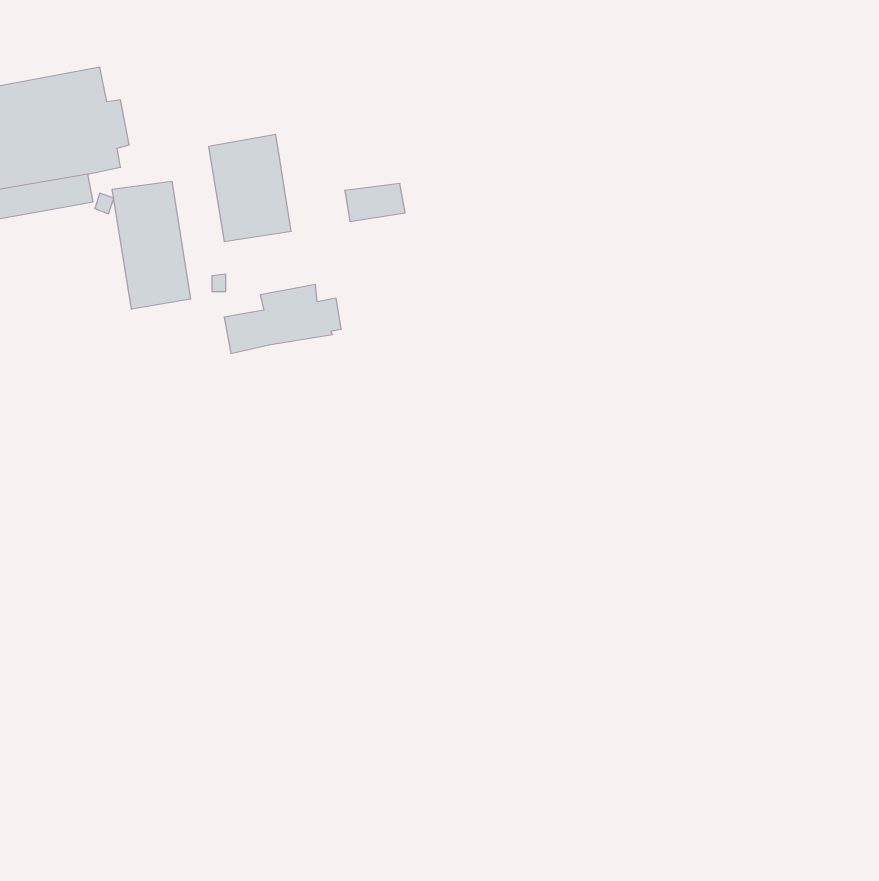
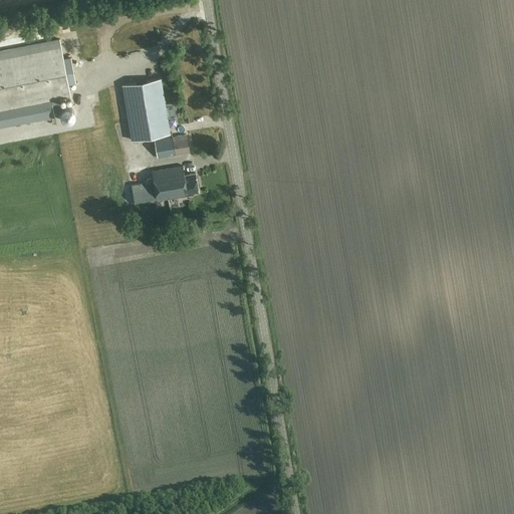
building: [112,181,190,309] -> none
building: [345,184,405,221] -> [154,136,189,158]

